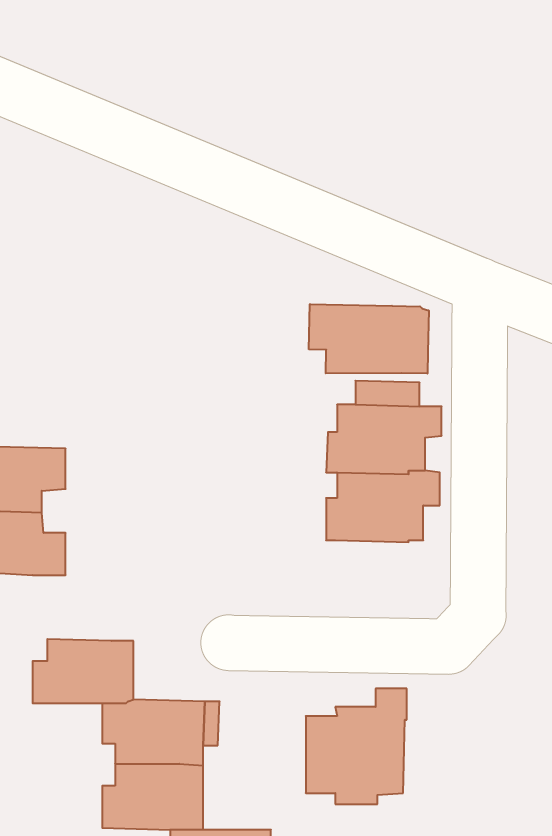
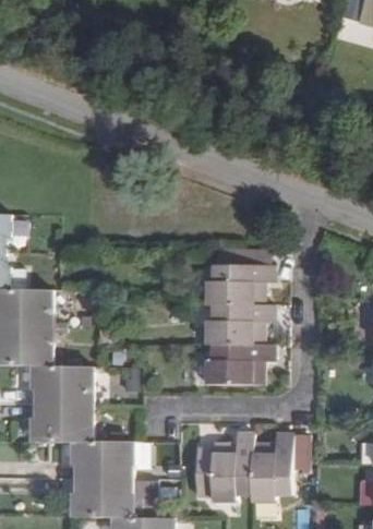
building: [309,304,429,374] -> none
building: none -> [206,345,275,385]
building: none -> [32,365,93,405]
building: none -> [252,433,311,502]

